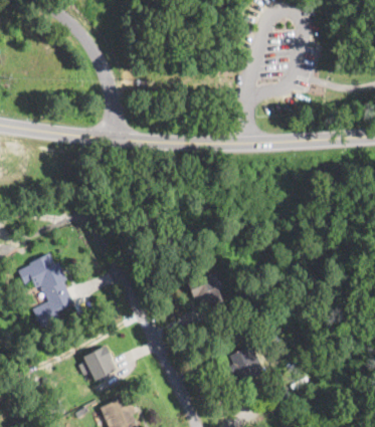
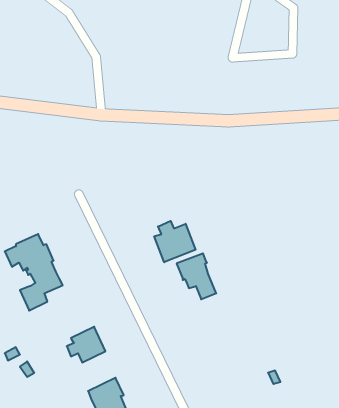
building: none -> [154,221,196,262]
building: [229,348,259,383] -> none

